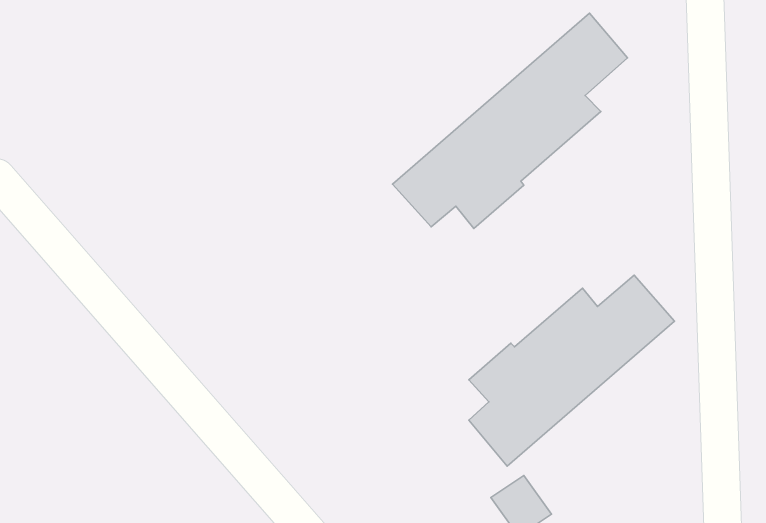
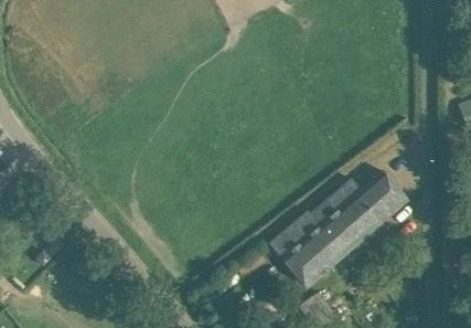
building: [393,13,628,228] -> none

